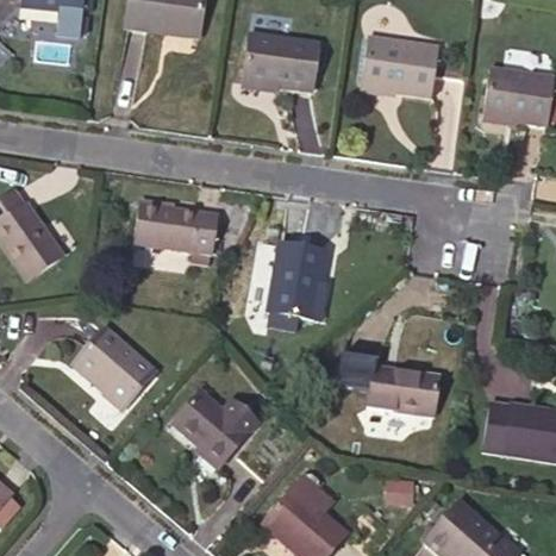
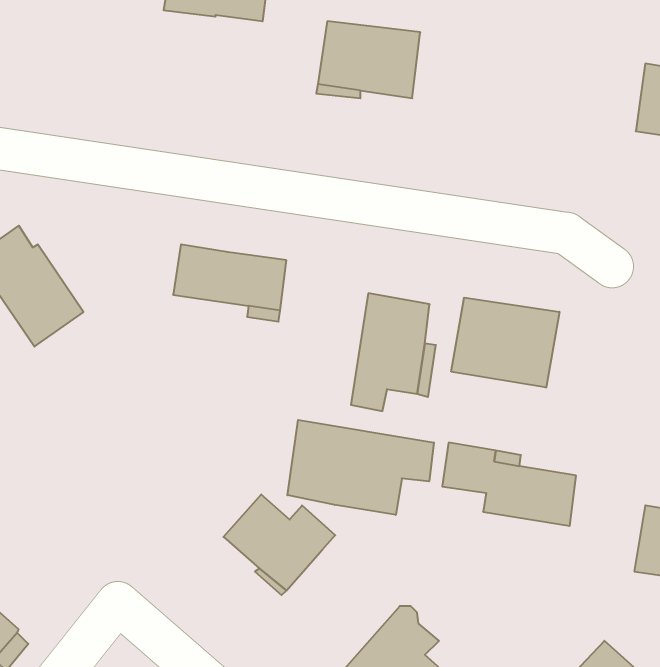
building: [361,36,441,98] -> none
building: none -> [451,298,559,388]
building: [74,329,156,411] -> none
building: none -> [287,420,434,515]

